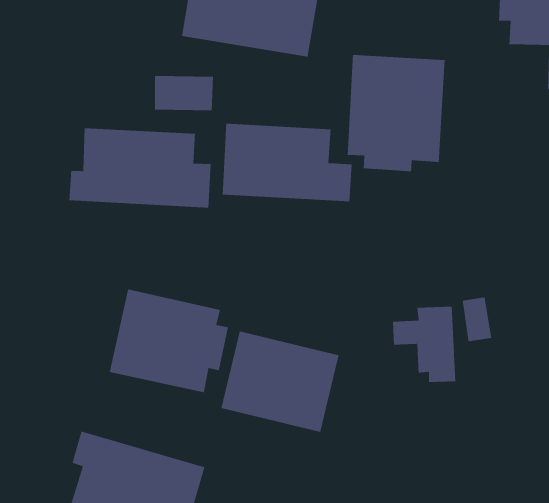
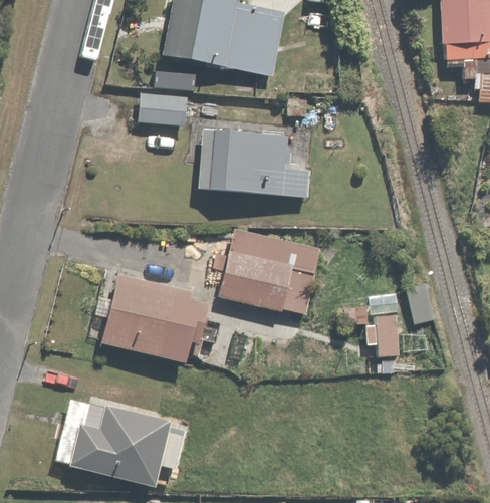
building: [347,54,445,172] -> none
building: [69,127,211,209] -> none
building: [220,330,339,433] -> [216,227,318,315]

